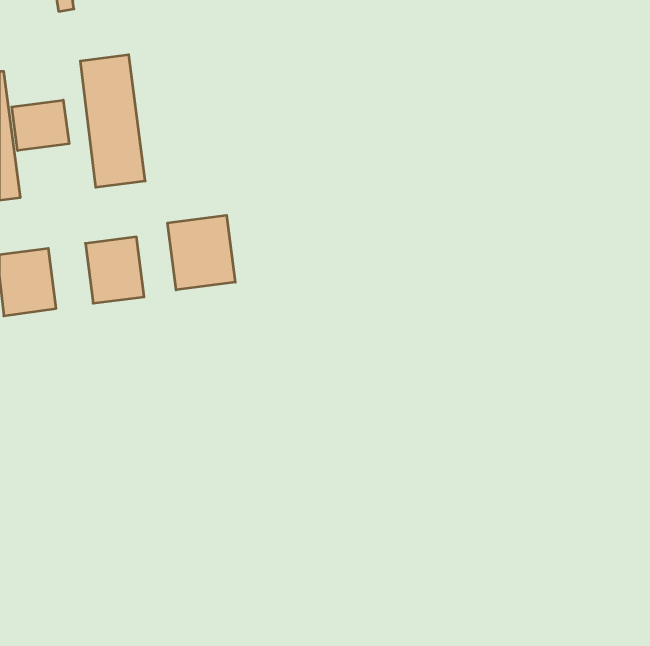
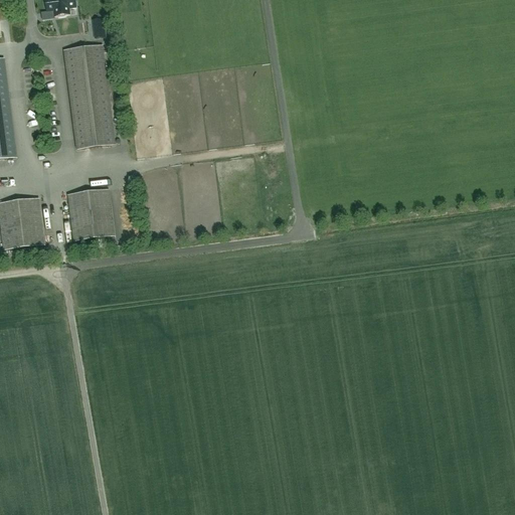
building: [12,100,69,151] -> none
building: [168,215,235,290] -> none

